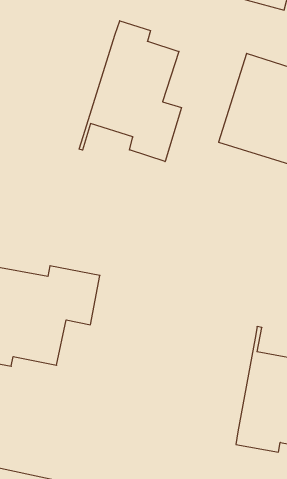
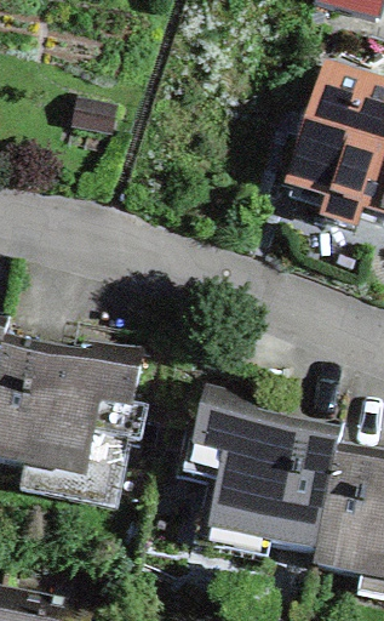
building: [79,21,182,162] -> none
building: none -> [194,393,337,552]

